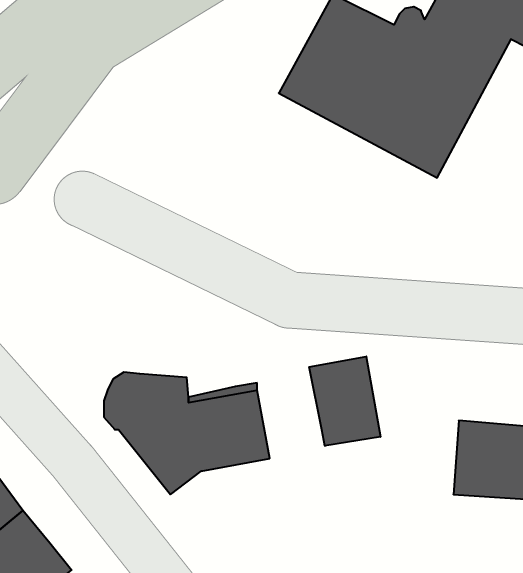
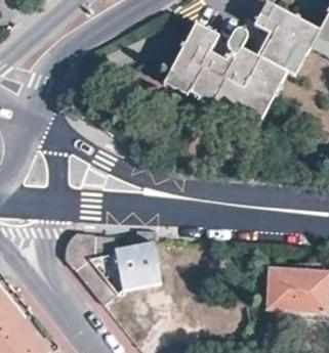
building: [309,356,380,446] -> none

